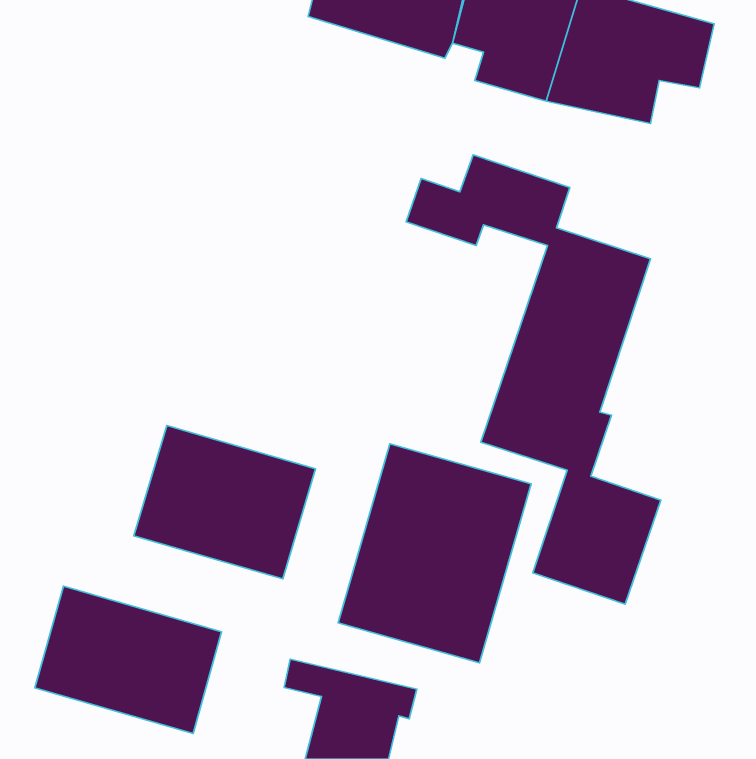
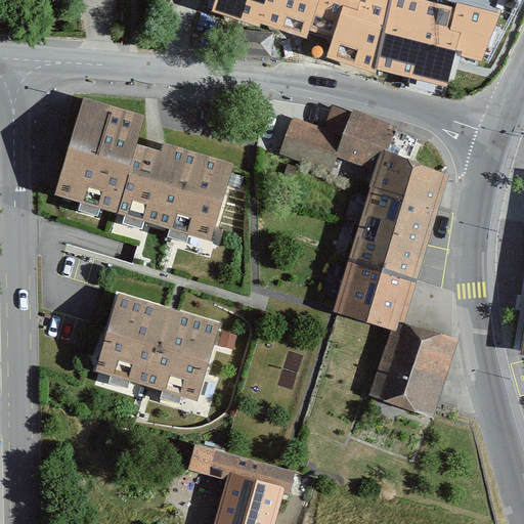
building: none -> [55,97,234,242]
building: [338,444,531,663] -> none
building: [35,586,222,734] -> none

